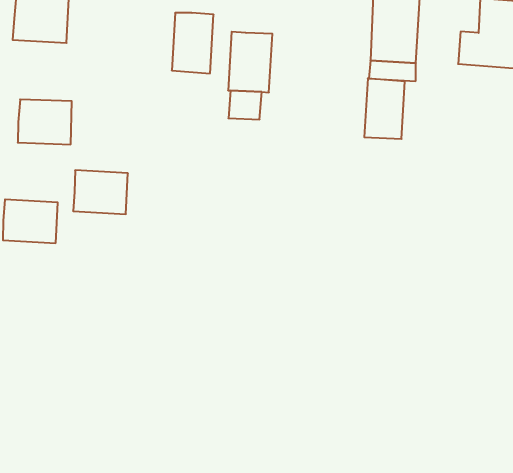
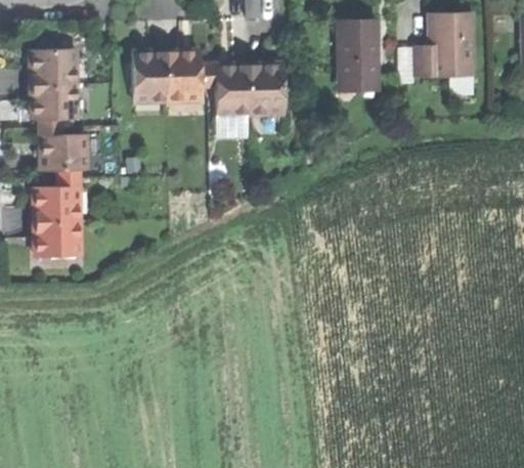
building: none -> [133,51,169,101]
building: none -> [32,84,78,120]
building: [364,78,405,139] -> [252,62,285,113]
building: [73,170,128,214] -> [35,185,81,221]

